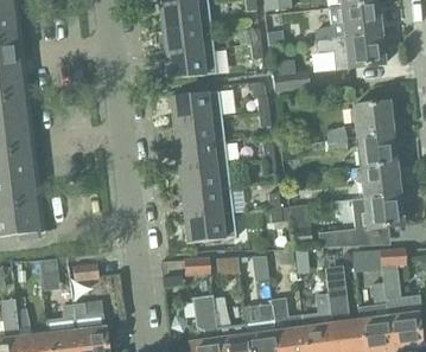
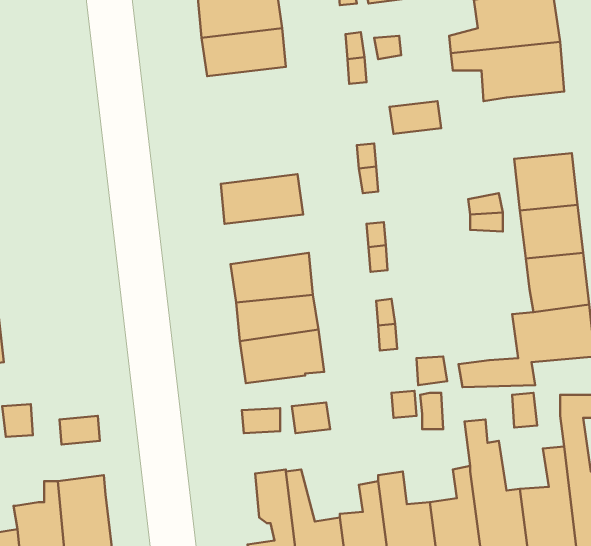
building: [164,47,216,78] -> none
building: [169,90,220,120] -> none
building: [174,139,227,169] -> none

